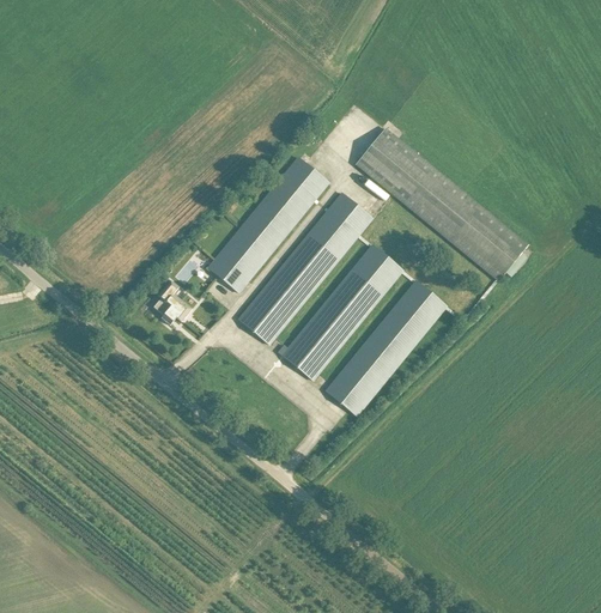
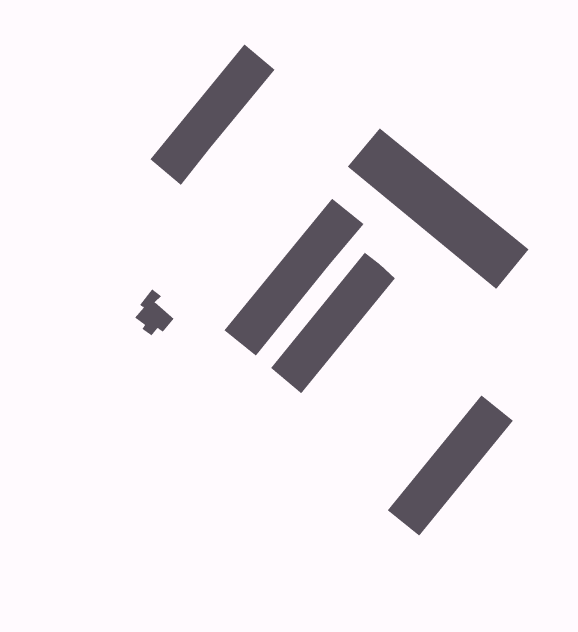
building: [207,158,327,293] -> [150,44,275,186]
building: [324,281,445,417] -> [387,394,514,537]

